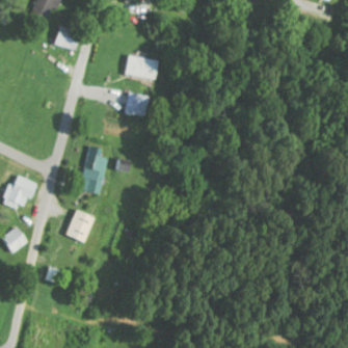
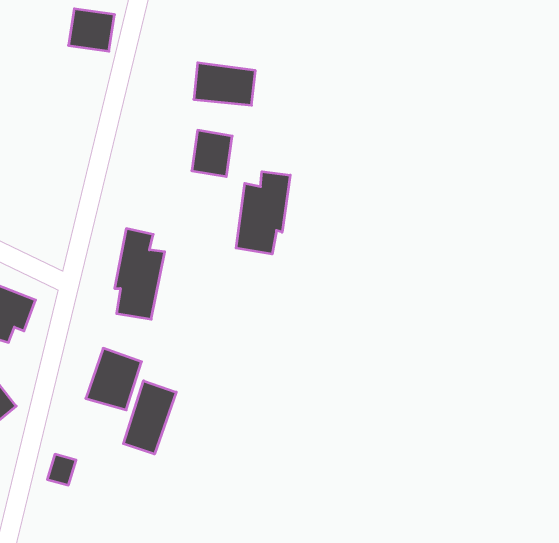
building: none -> [236,172,290,254]
building: none -> [123,381,176,454]

